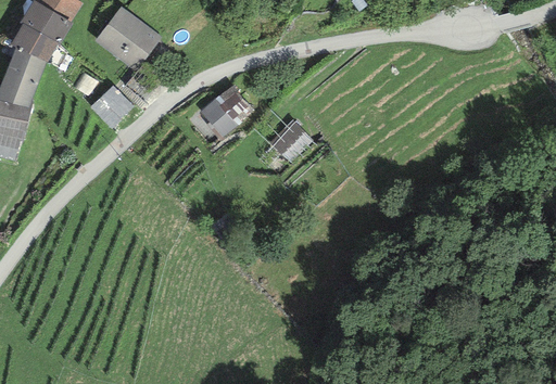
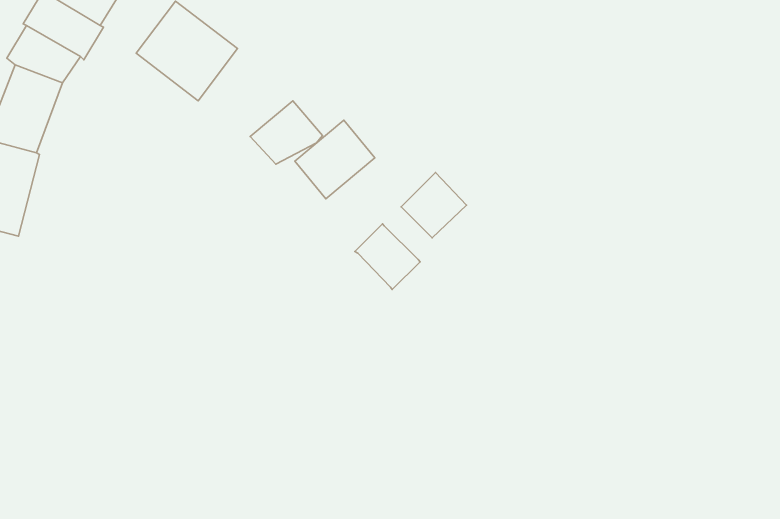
building: none -> [250,101,323,164]
building: [89,85,134,129] -> none
building: none -> [355,224,420,289]

